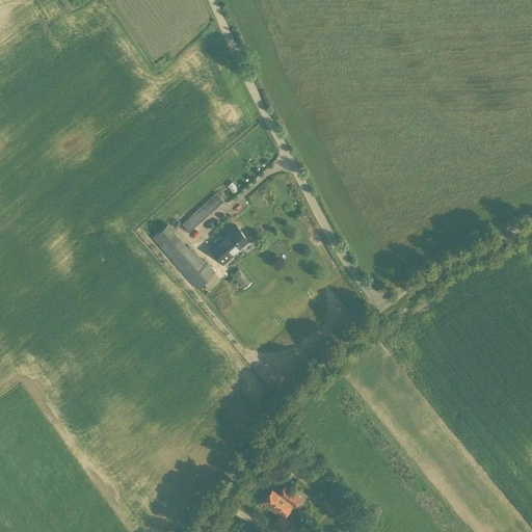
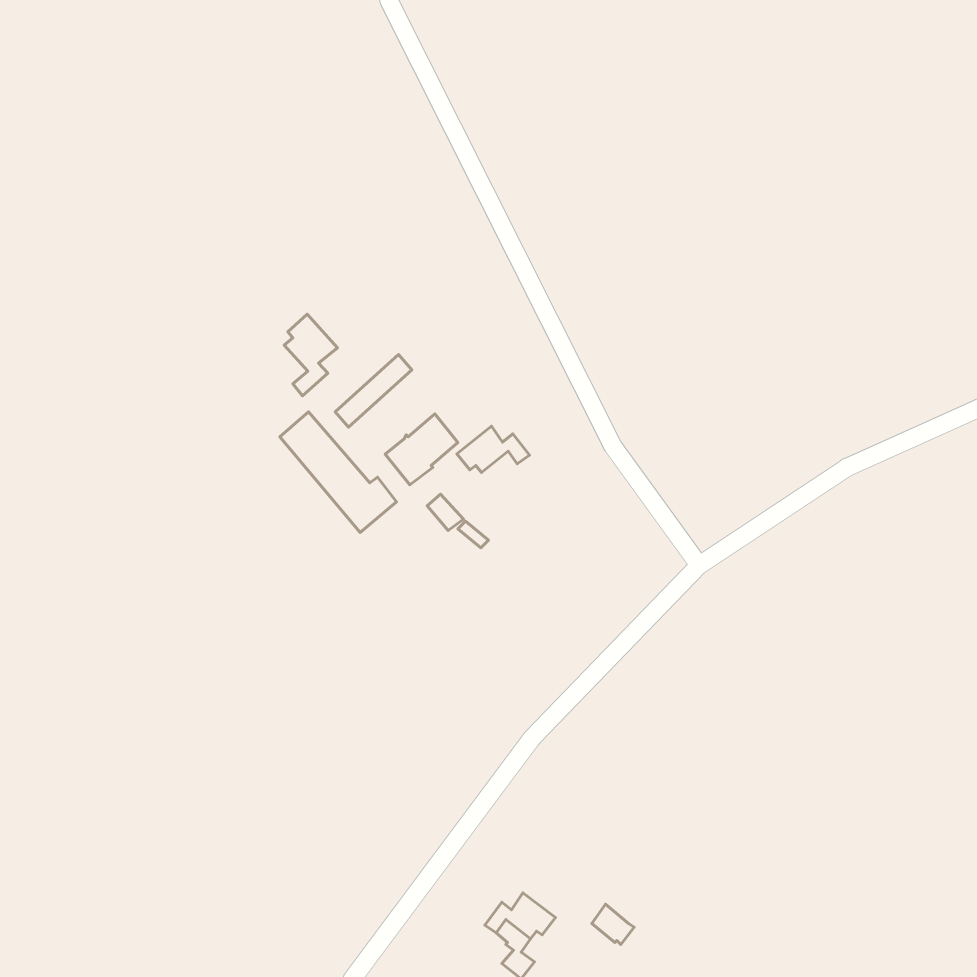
building: none -> [284,314,338,396]
building: none -> [457,426,529,473]

